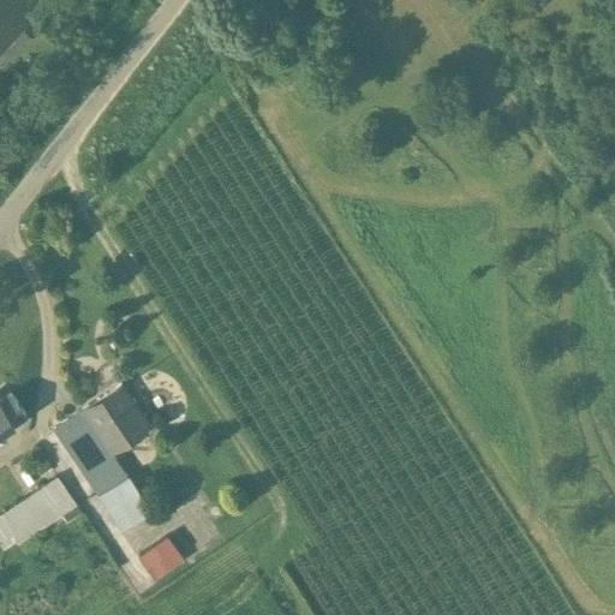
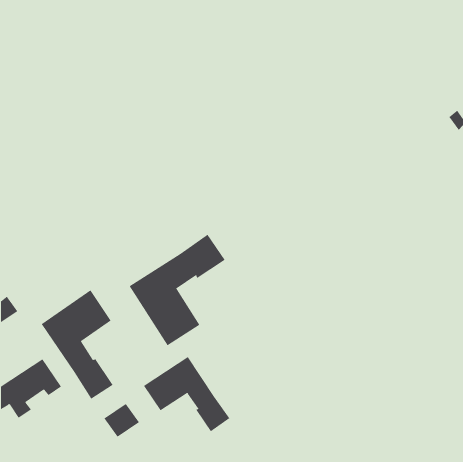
building: none -> [129,234,226,346]
building: none -> [143,356,230,432]

